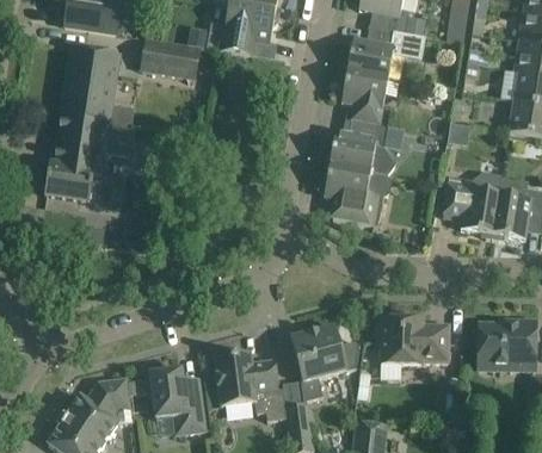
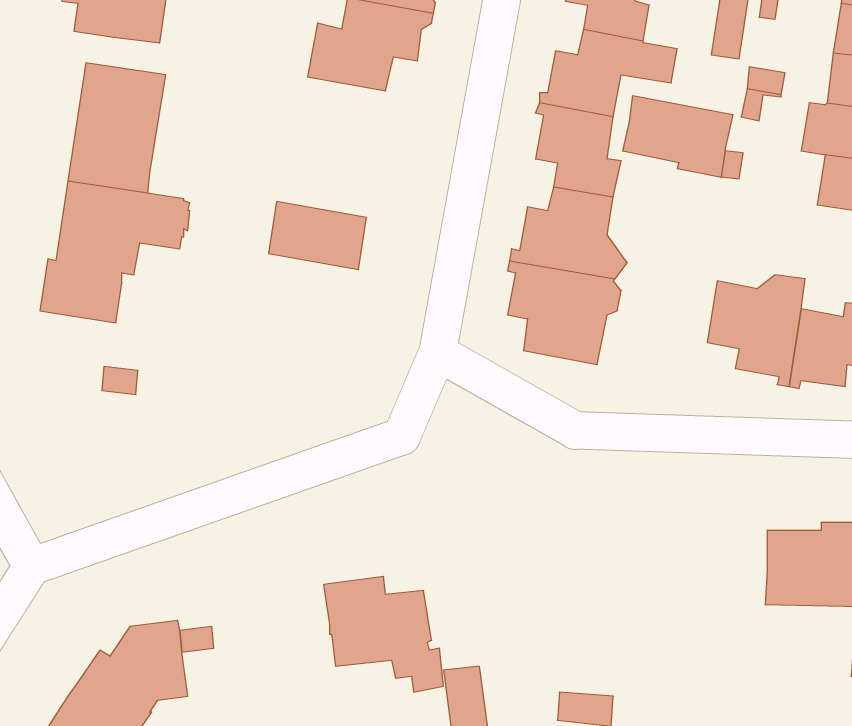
building: [141,38,199,79] -> [269,202,366,269]
building: none -> [623,96,733,178]
building: [376,317,449,364] -> none
building: [291,325,359,401] -> none
building: [149,370,204,433] -> none

